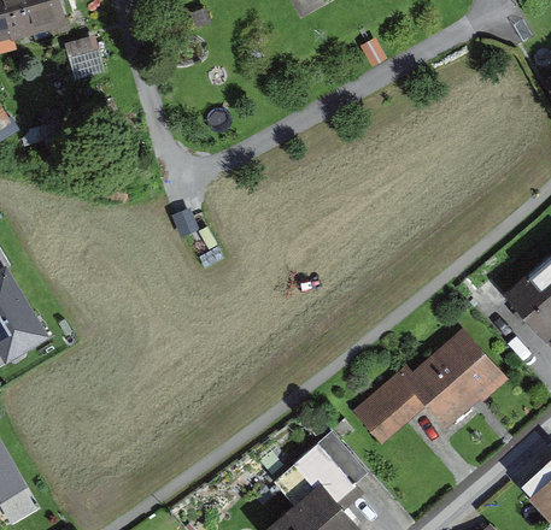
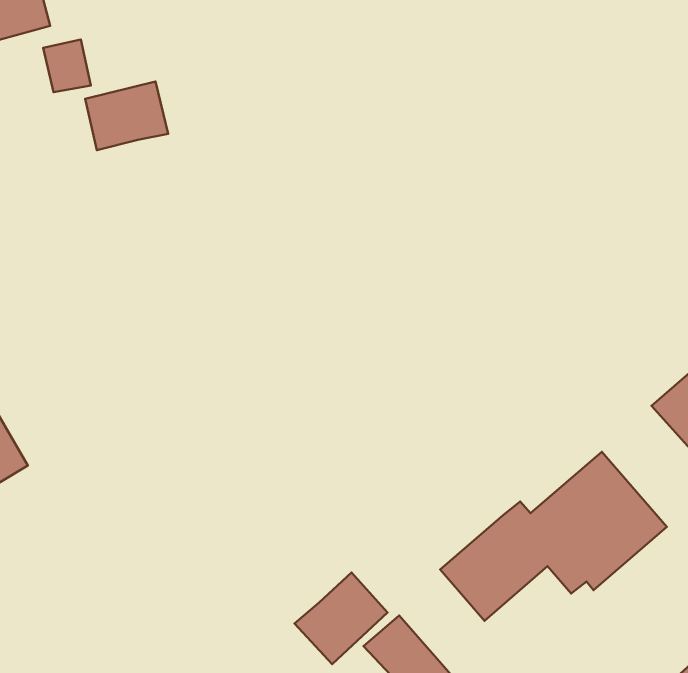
building: none -> [85,81,168,150]
building: none -> [294,572,387,664]

